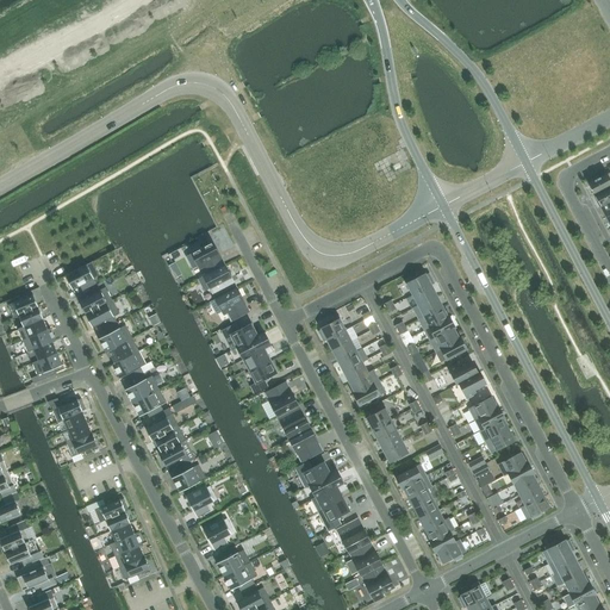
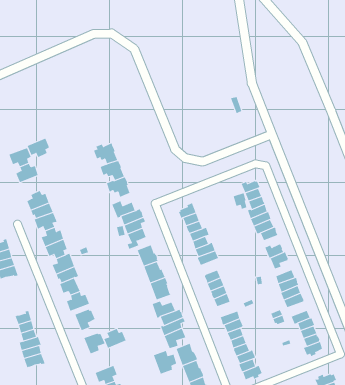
building: [86,300,119,330] -> [27,138,50,158]
building: none -> [153,350,177,374]
building: [217,546,250,577] -> [103,328,126,348]

